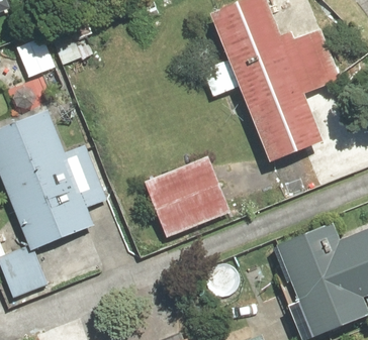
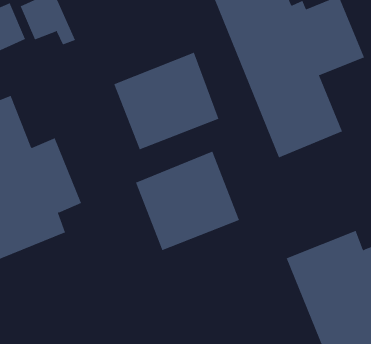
building: none -> [113,52,219,150]

